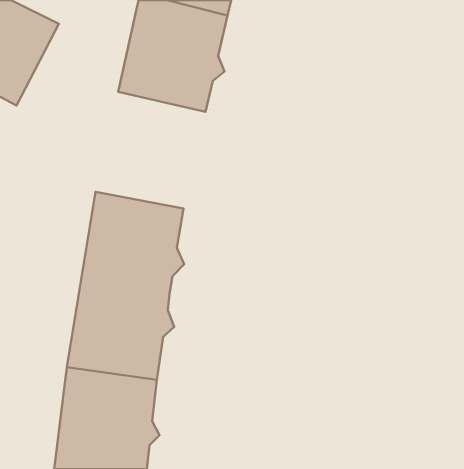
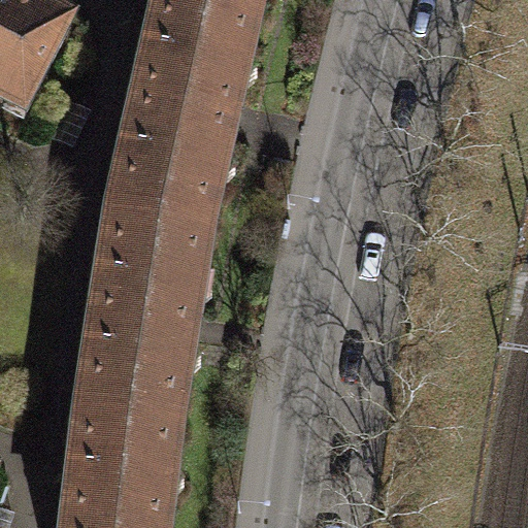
building: none -> [107,103,231,234]

